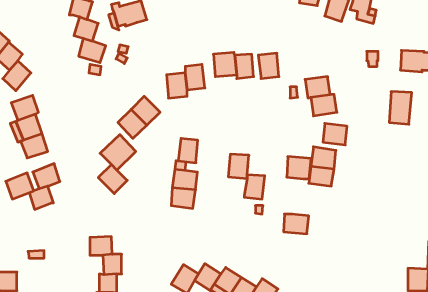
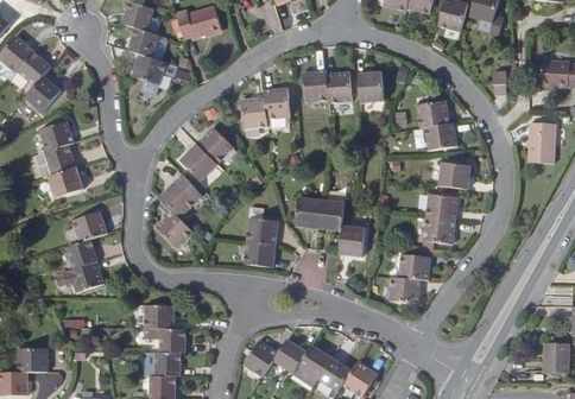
building: [178,138,198,163] -> [296,196,321,227]
building: [287,157,311,179] -> [399,248,430,277]
building: [6,173,34,199] -> [67,260,102,293]

